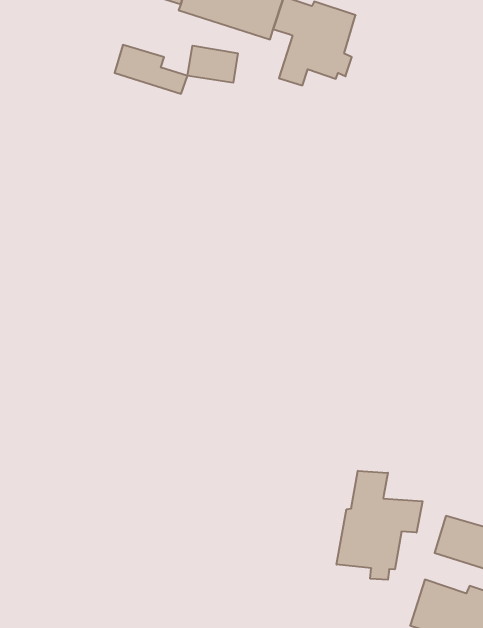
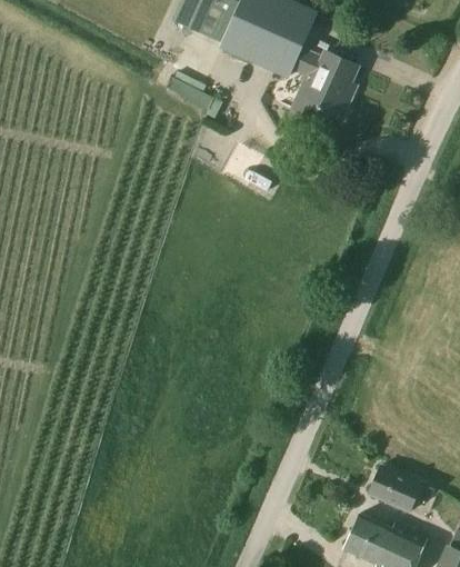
building: [188,46,238,83] -> none
building: [337,471,423,580] -> none

